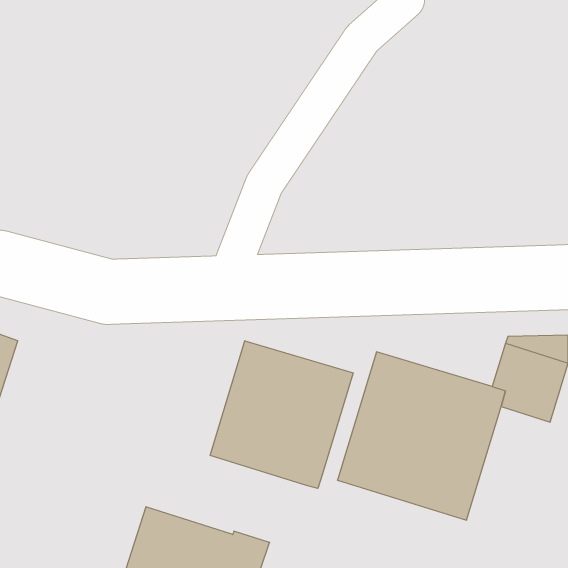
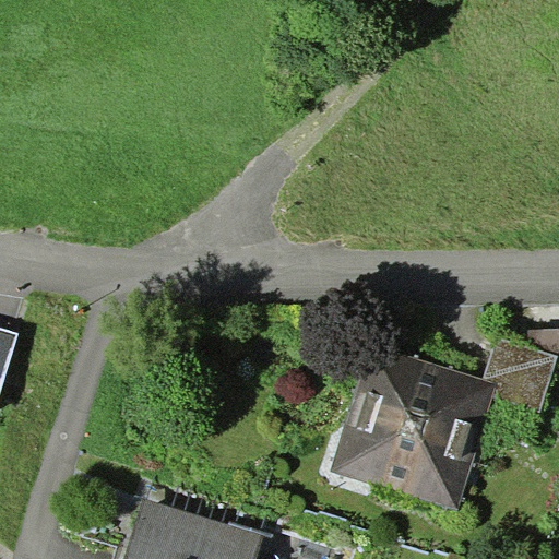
building: [210,341,353,488] -> none

